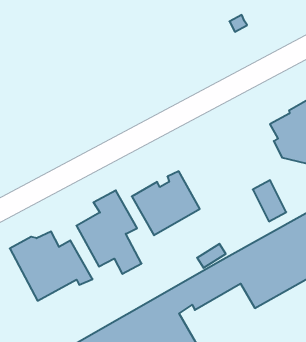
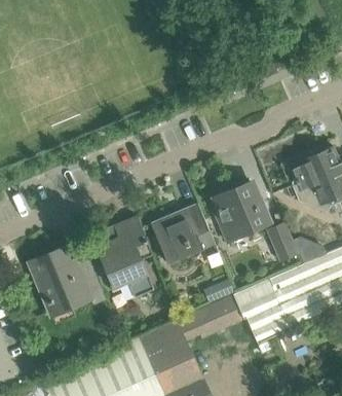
building: none -> [211,181,272,243]

